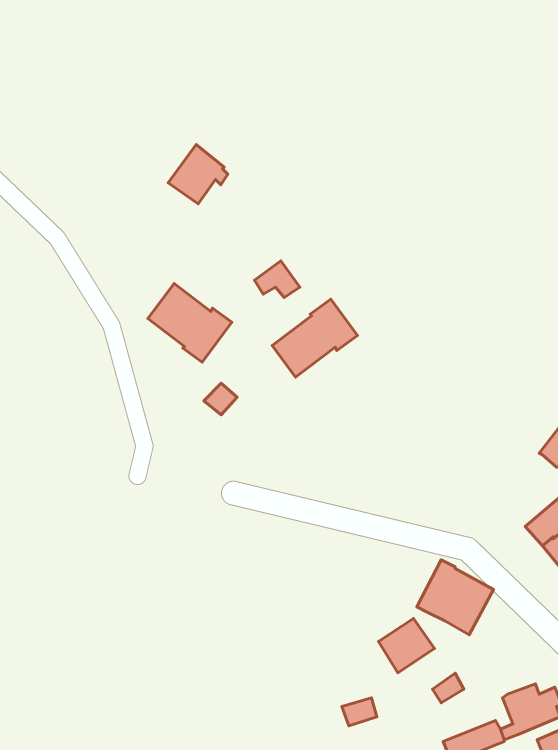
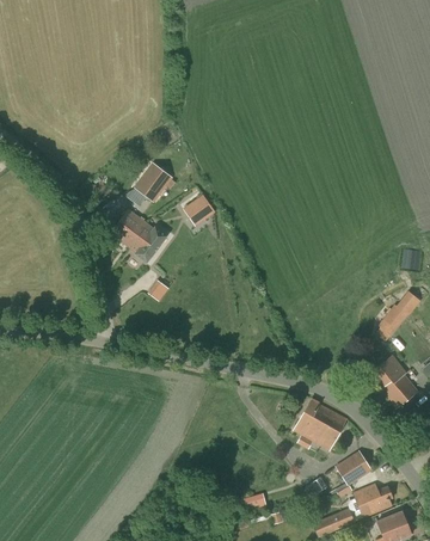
building: [168,145,228,204] -> [134,161,174,202]
building: [272,299,357,377] -> none
building: [378,619,434,673] -> [334,449,373,486]

